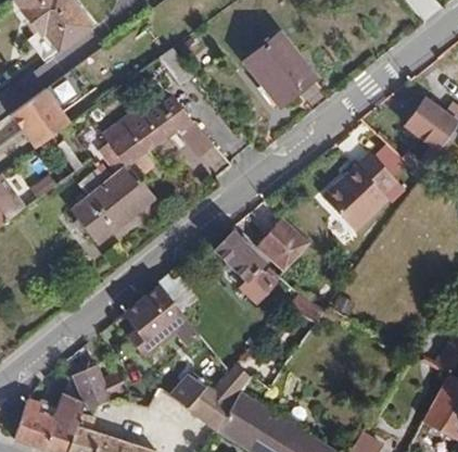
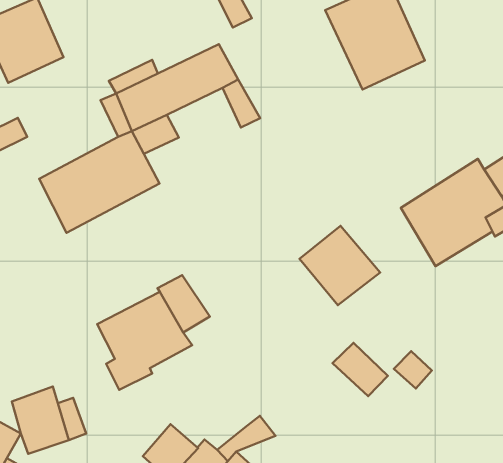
building: [213,228,278,302] -> none

